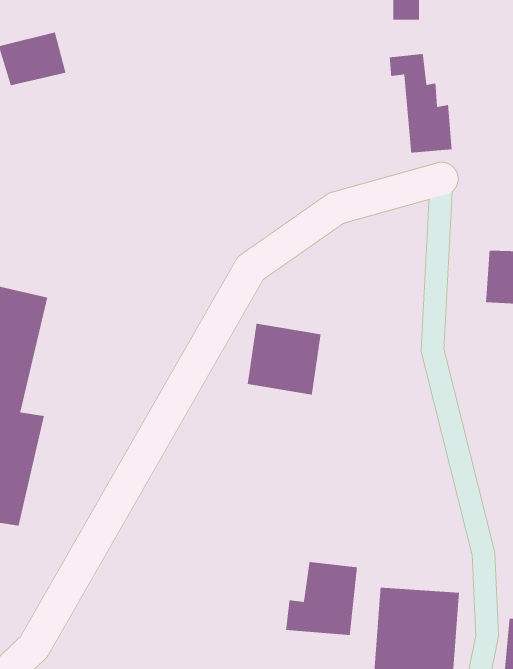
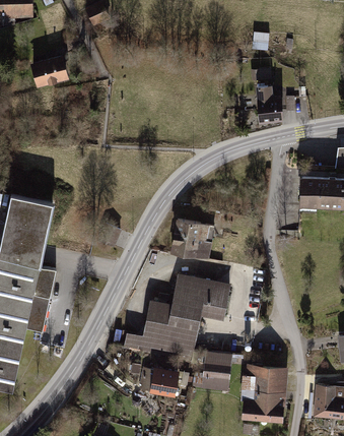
building: none -> [121,270,230,362]
building: none -> [134,367,177,395]

